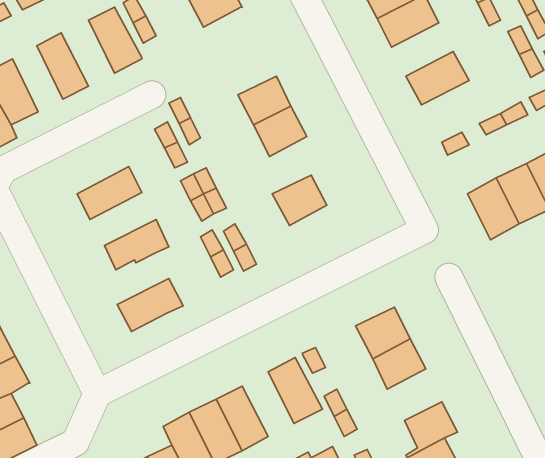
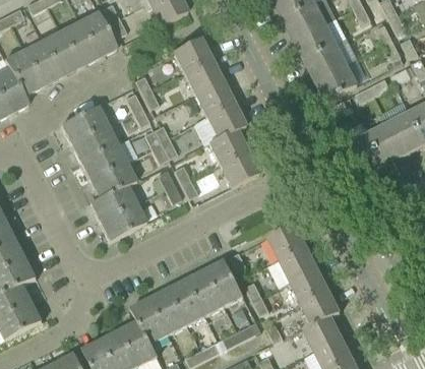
building: none -> [59,20,97,67]
building: none -> [293,22,337,60]
building: none -> [173,37,211,73]
building: none -> [24,39,60,85]
building: none -> [314,63,358,102]
building: none -> [206,103,245,143]
building: none -> [61,106,107,143]
building: none -> [79,142,126,180]
building: none -> [221,151,258,187]
building: none -> [89,185,135,222]
building: none -> [290,267,328,304]
building: none -> [187,269,224,315]

